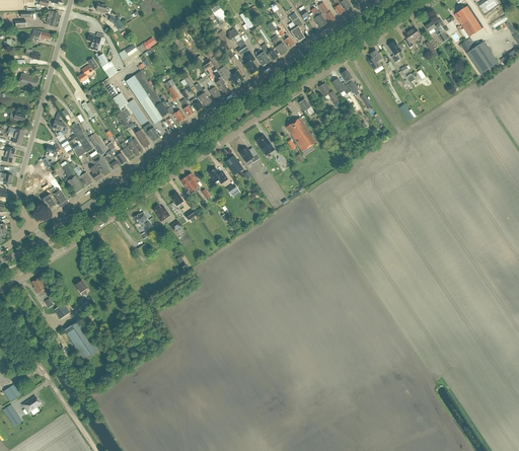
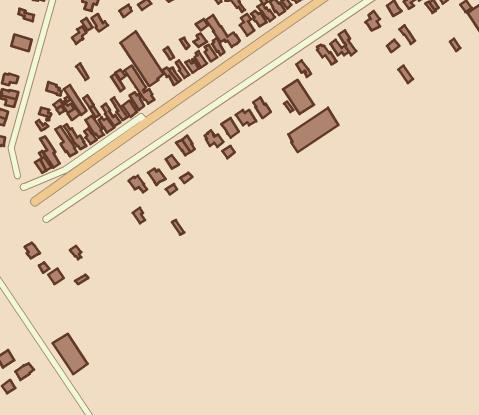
building: none -> [288,108,338,152]
building: [64,320,98,360] -> [53,334,88,374]

